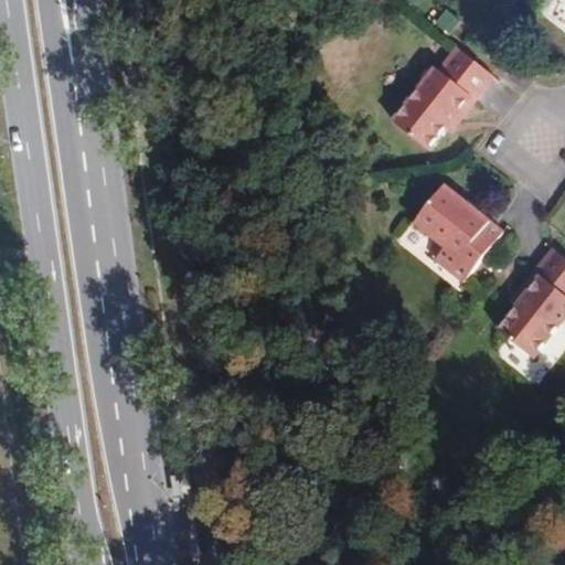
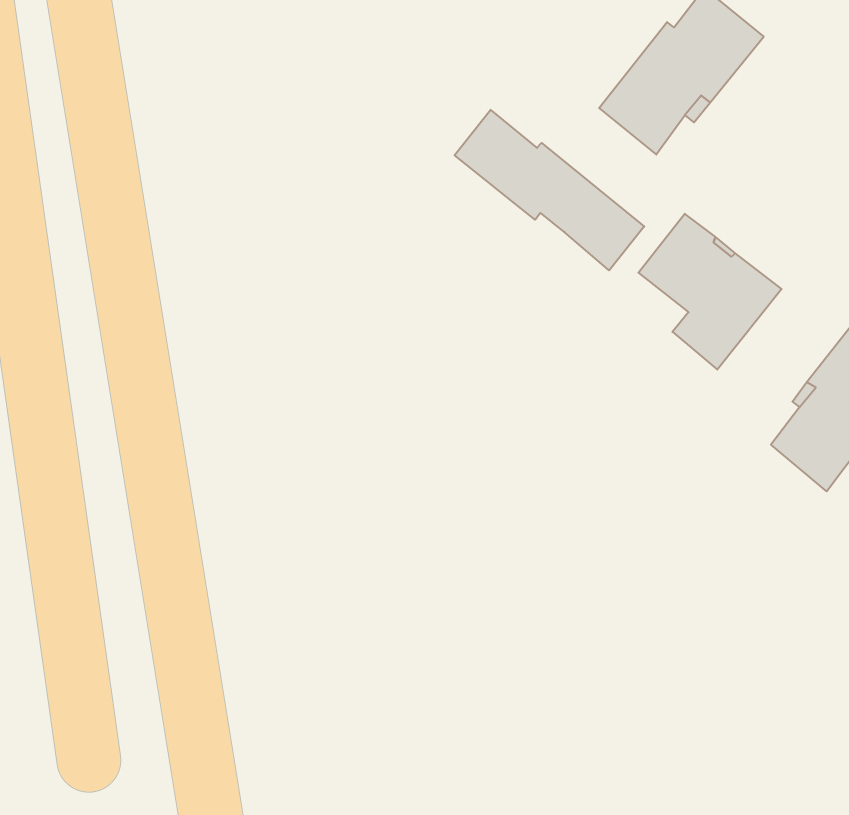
building: none -> [455,110,644,270]

